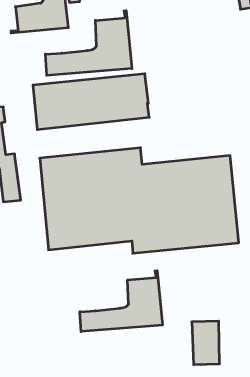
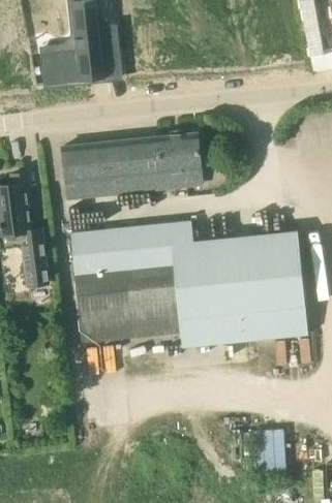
building: [45,11,132,75] -> none
building: [80,271,162,332] -> none

